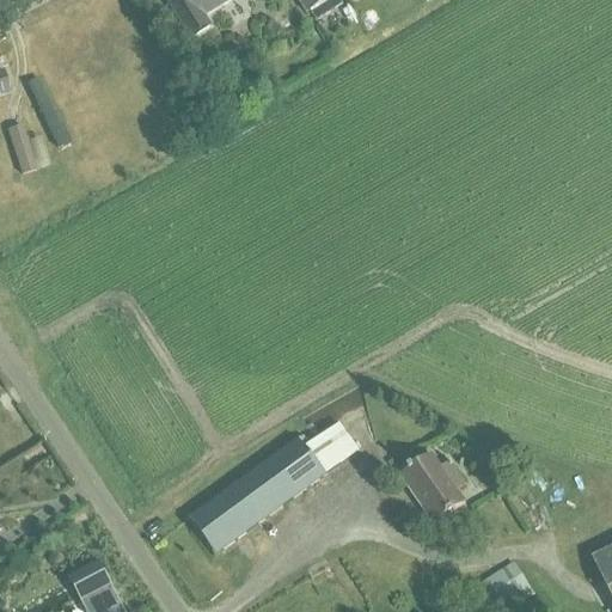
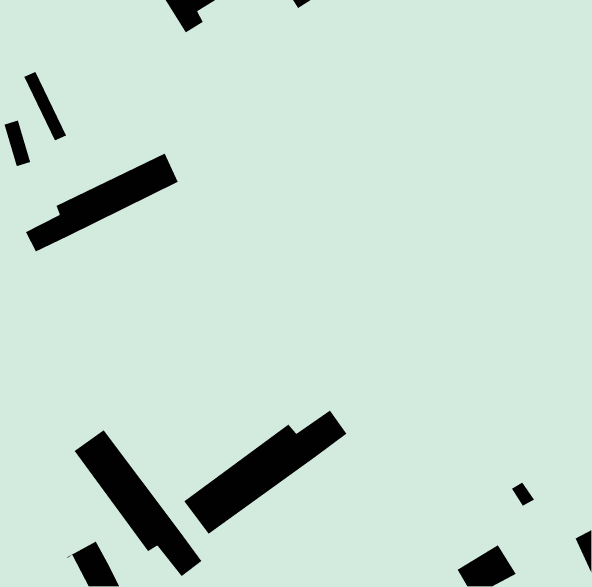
building: none -> [25,152,179,252]
building: none -> [74,429,202,577]
building: [400,451,467,521] -> none

